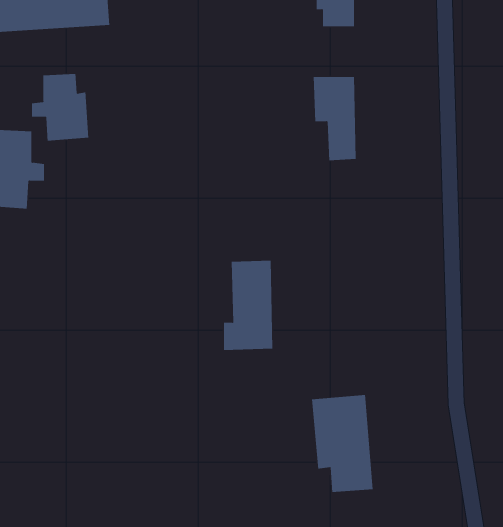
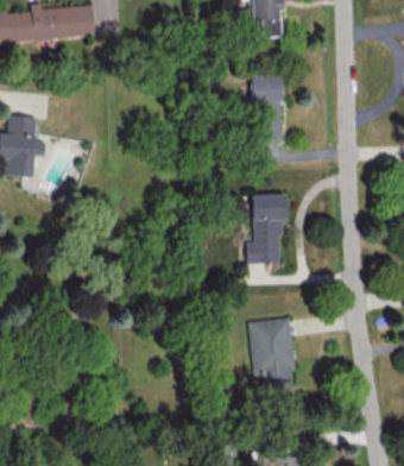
building: [31,73,89,141] -> none
building: [223,260,273,350] -> [246,195,284,264]

